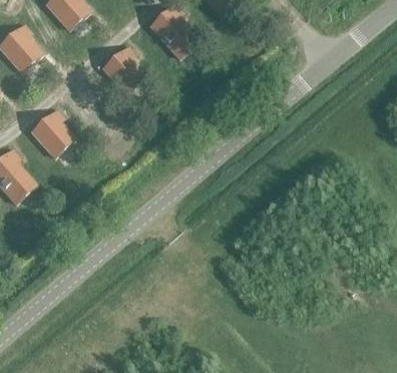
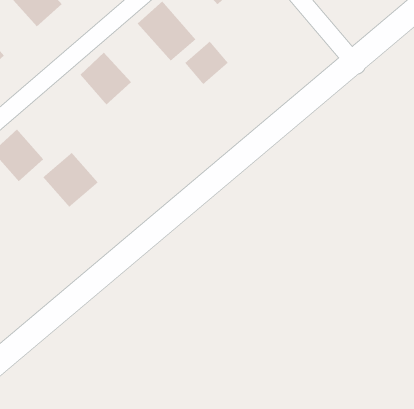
building: none -> [184,41,229,85]
building: none -> [42,152,99,208]

